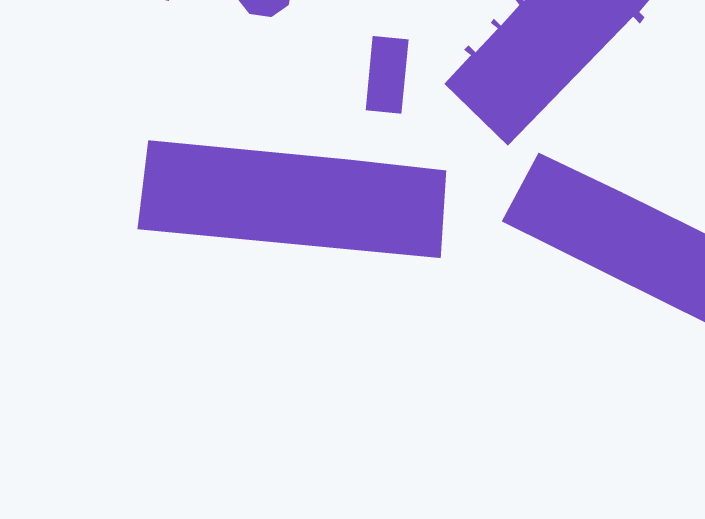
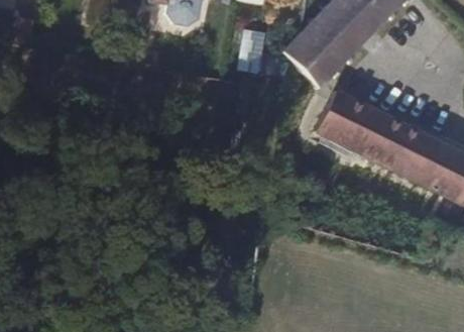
building: [137,140,447,259] -> none

